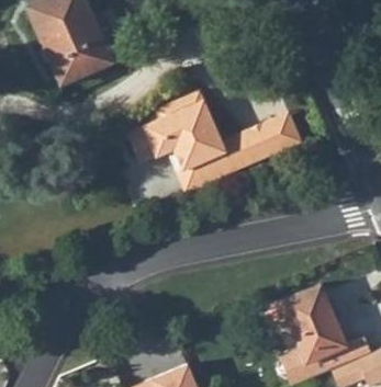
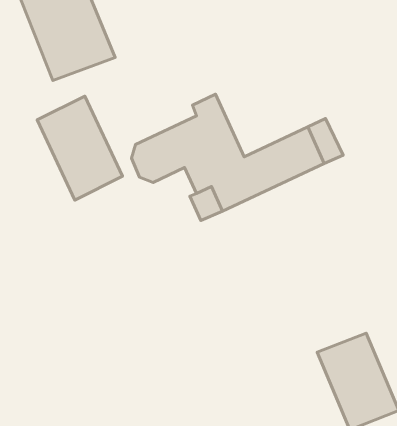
building: none -> [37,96,122,200]

